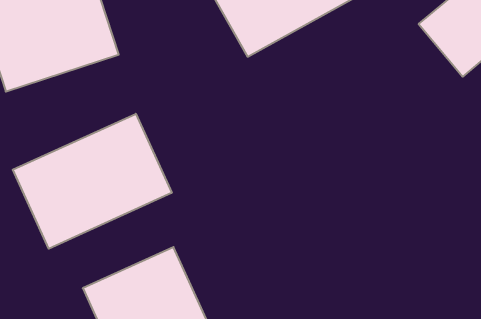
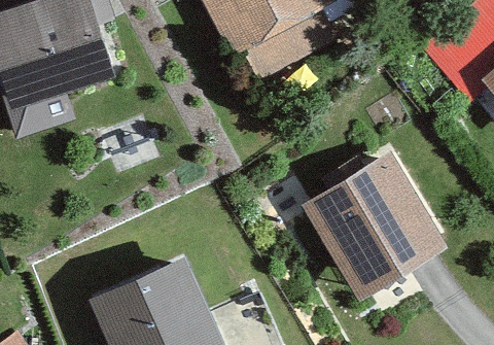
building: [13,114,172,249] -> none
building: none -> [307,150,449,295]

